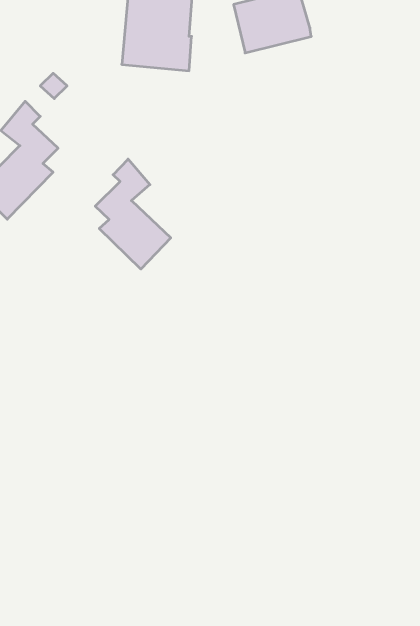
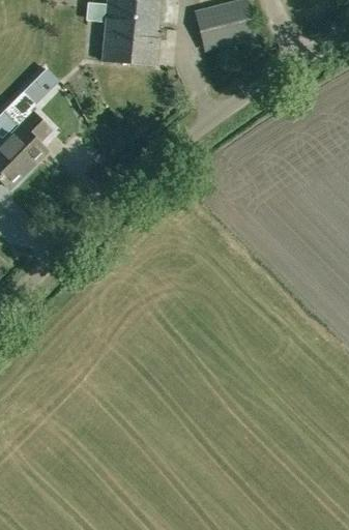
building: [95,159,171,269] -> none

